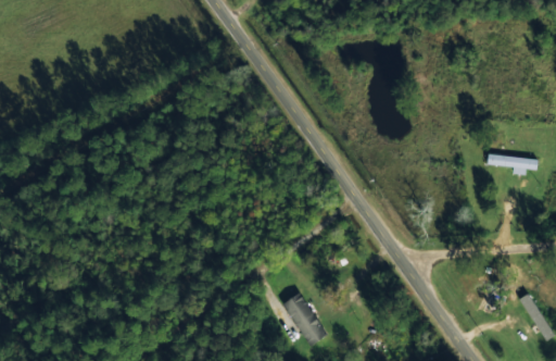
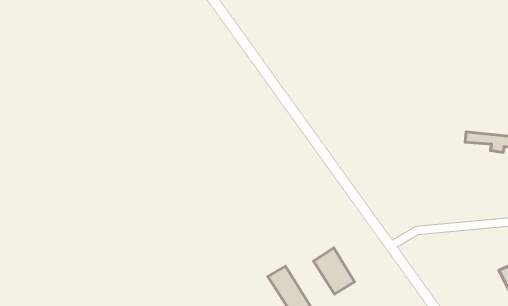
building: none -> [313,248,354,294]

